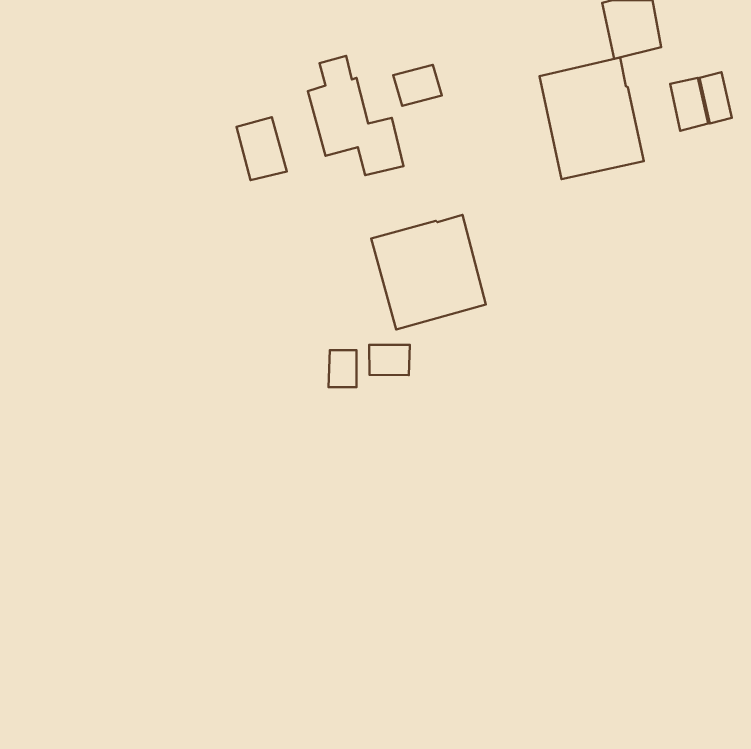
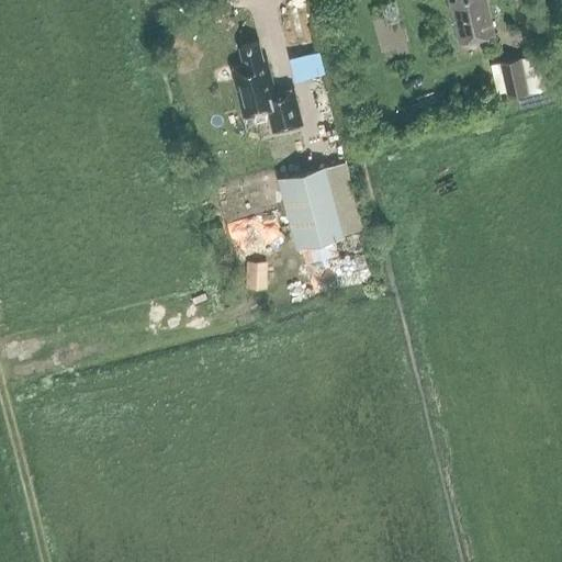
building: [539,57,644,179] -> none
building: [236,117,287,180] -> none
building: [369,345,410,375] -> none

